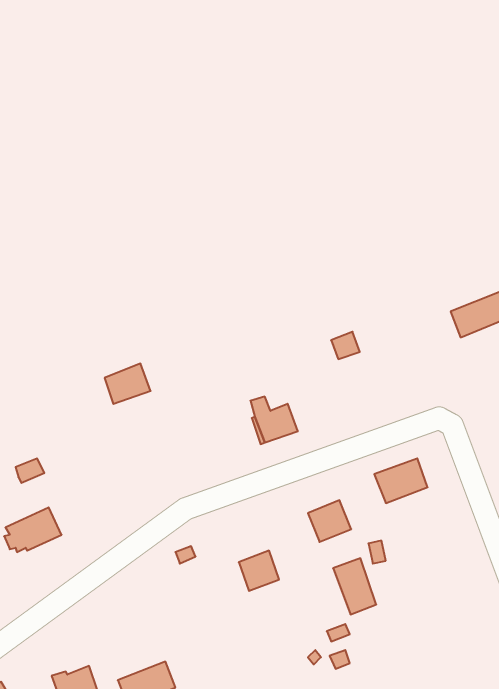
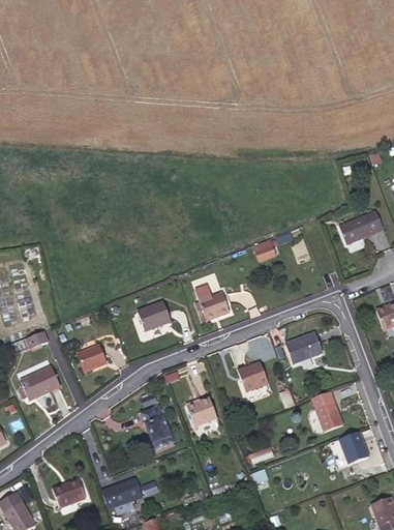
building: [105,364,151,404] -> [138,301,171,330]
building: none -> [78,345,105,372]
building: [333,558,376,614] -> [311,391,342,432]
building: none -> [141,406,174,449]
building: none -> [339,431,369,464]

